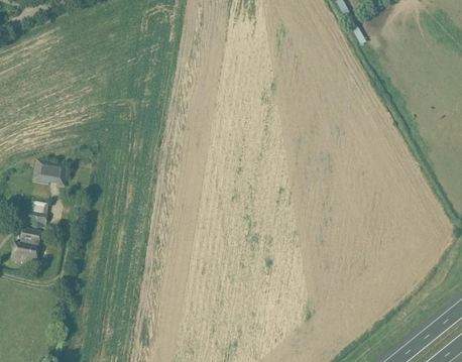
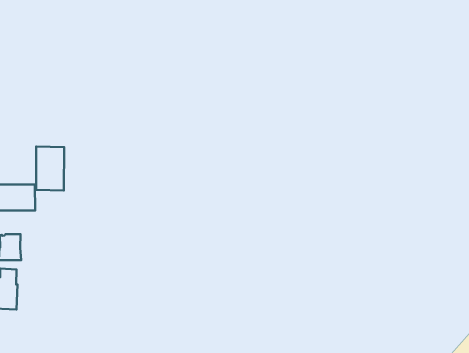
building: none -> [36,146,64,190]

